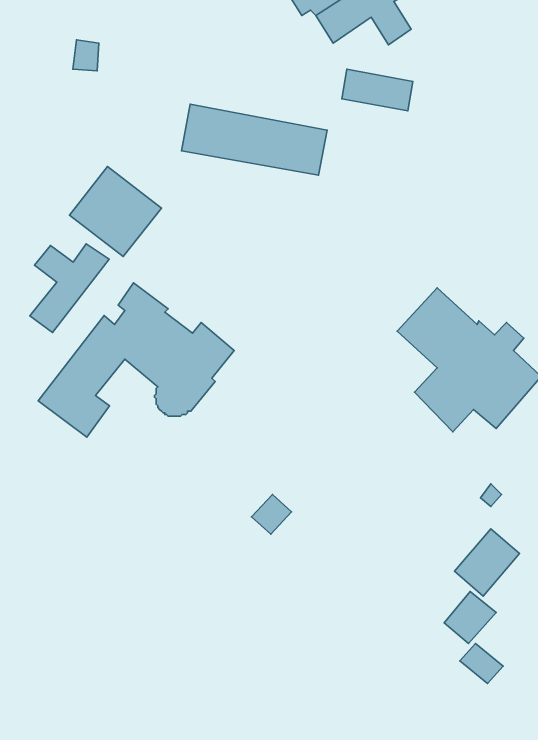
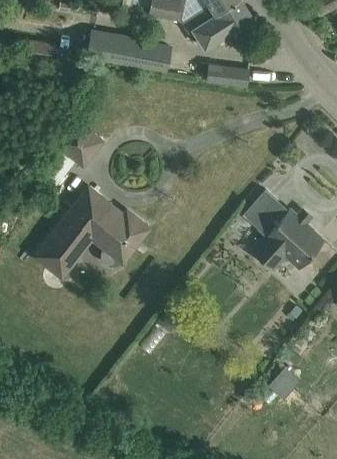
building: [182,104,327,175] -> [85,31,170,72]
building: [30,244,109,333] -> none
building: [454,529,520,596] -> none

